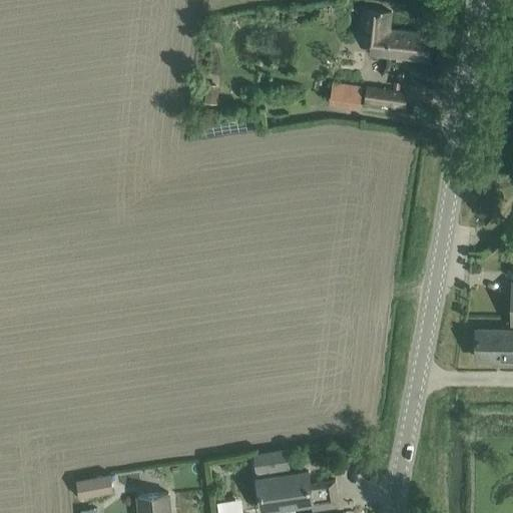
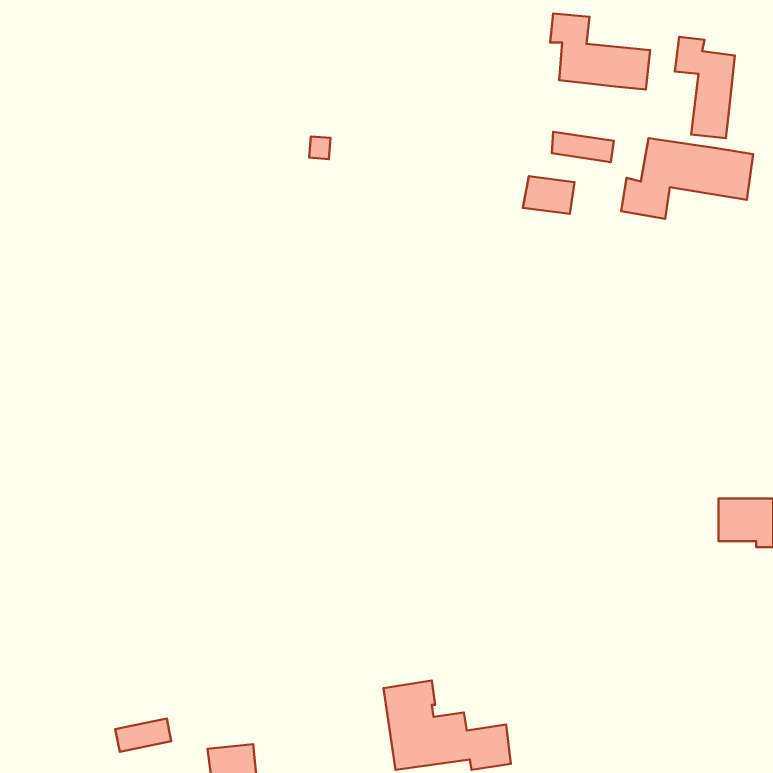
building: none -> [675,37,735,138]
building: [328,82,362,107] -> [523,176,574,214]
building: none -> [621,138,753,219]

